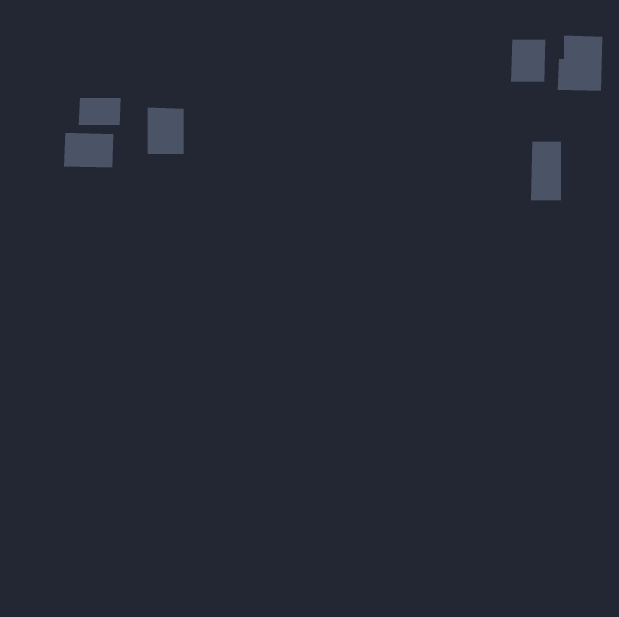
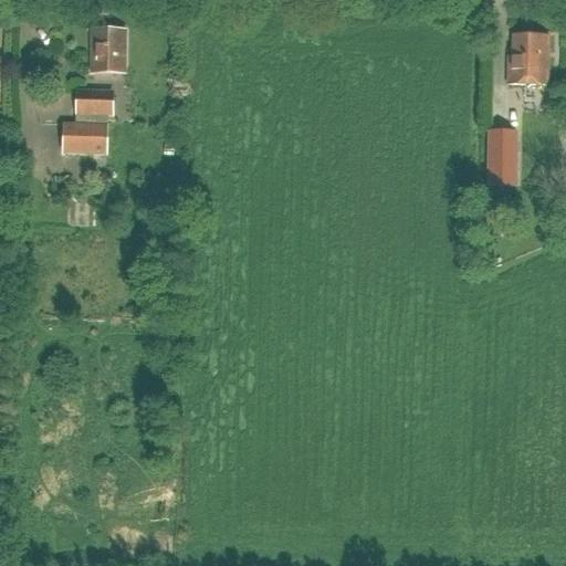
building: [511,39,546,83] -> none
building: [147,107,184,155] -> [93,27,127,70]

